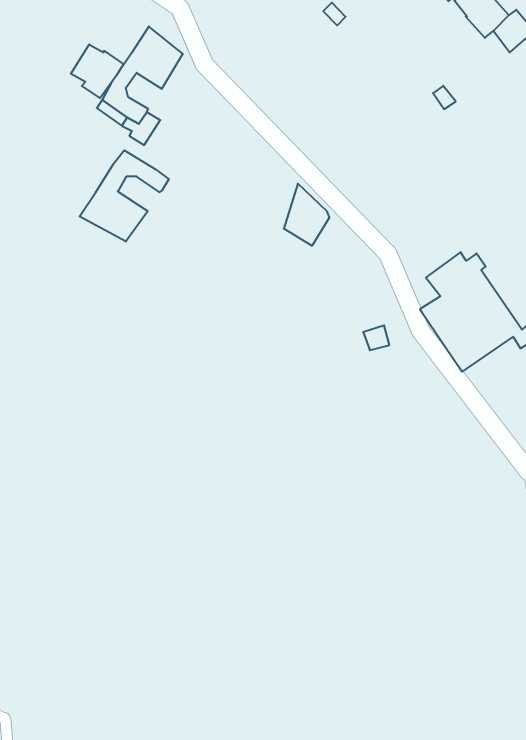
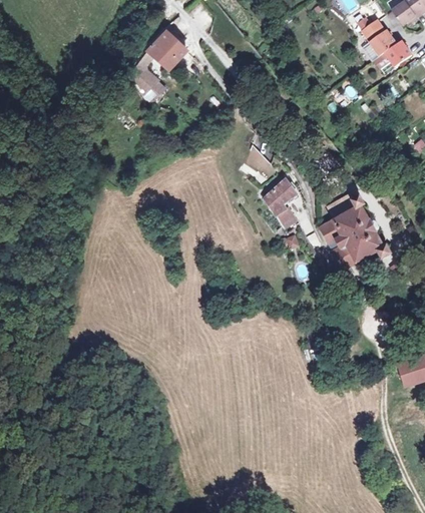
building: [71,44,124,98] -> none
building: [80,150,169,242] -> none
building: none -> [259,177,294,225]

